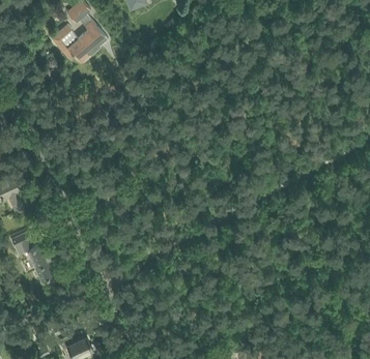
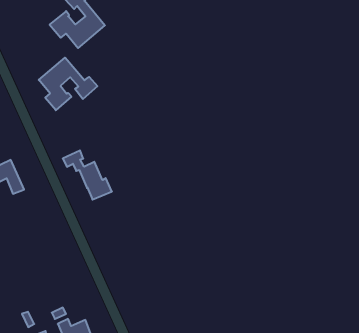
building: none -> [39,58,97,110]
building: [10,231,60,280] -> [63,150,112,200]

